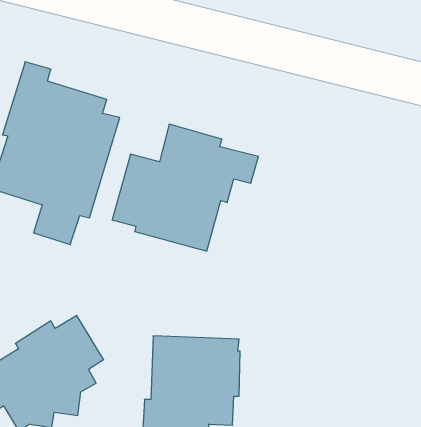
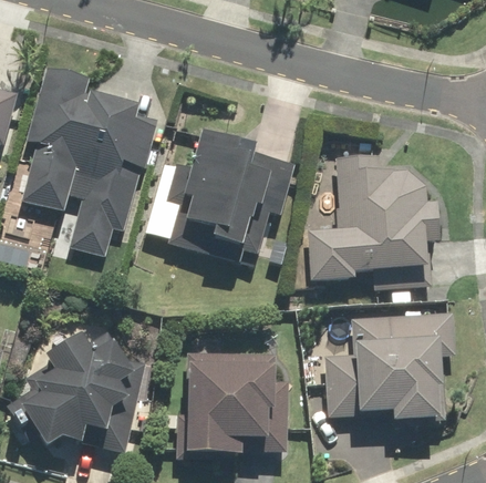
building: none -> [309,154,442,282]
building: none -> [324,311,457,421]

